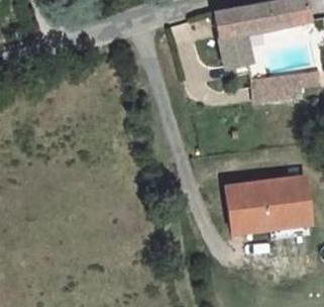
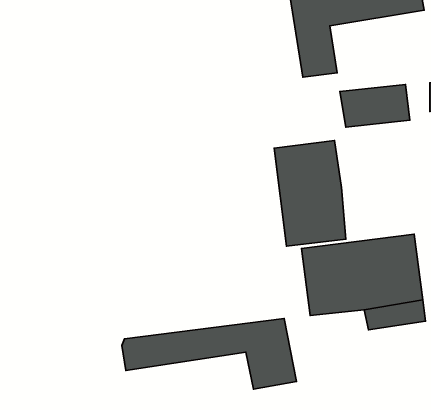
building: none -> [274,141,346,246]
building: none -> [122,319,297,389]

